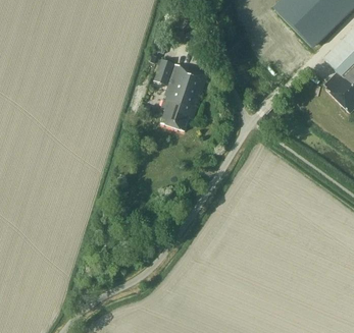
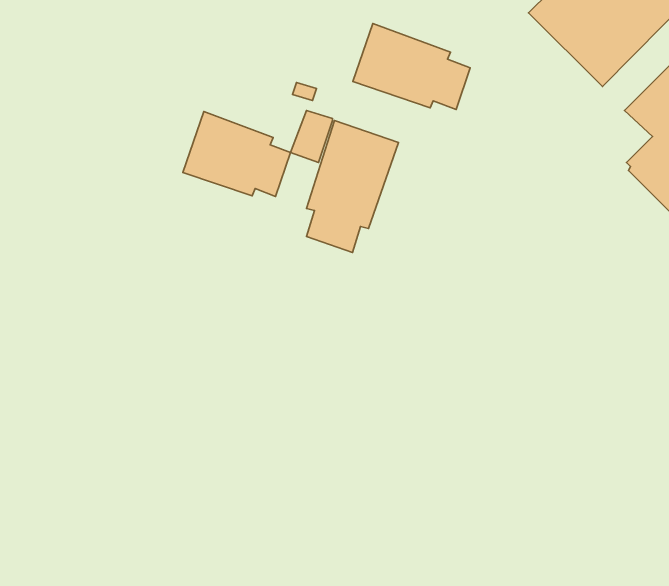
building: none -> [353,23,470,110]
building: none -> [183,112,290,196]

